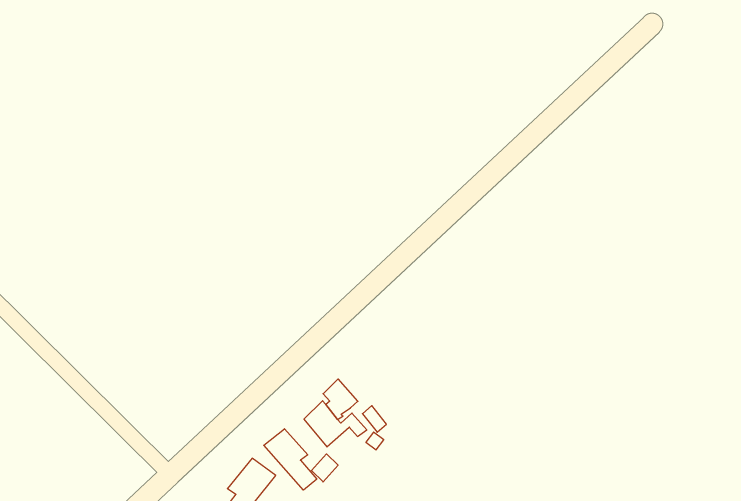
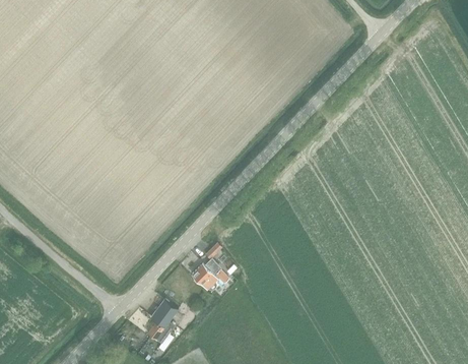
building: [264,429,317,490] -> none

